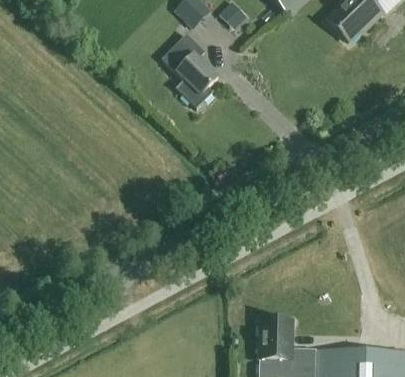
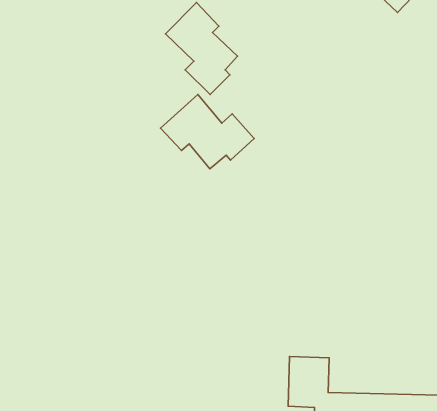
building: none -> [160,94,254,169]

